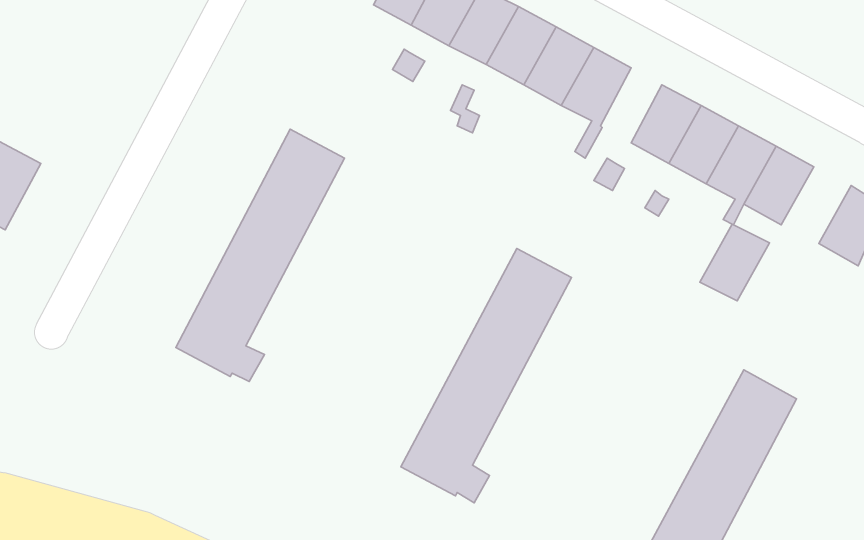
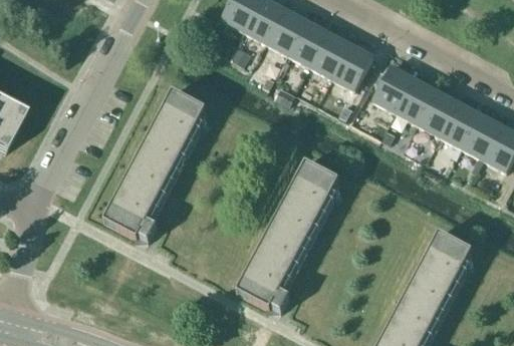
building: [700,224,770,301] -> [461,113,502,158]

